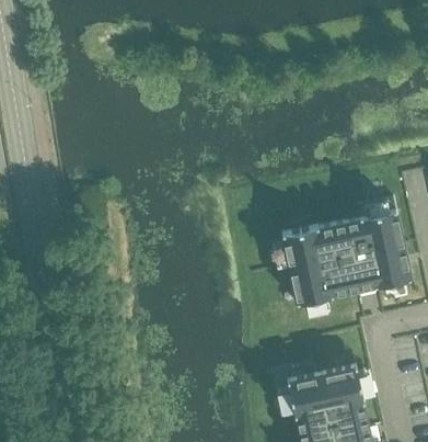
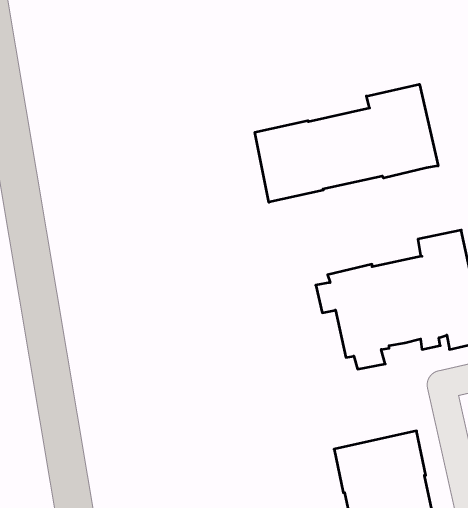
building: none -> [255,84,438,202]

